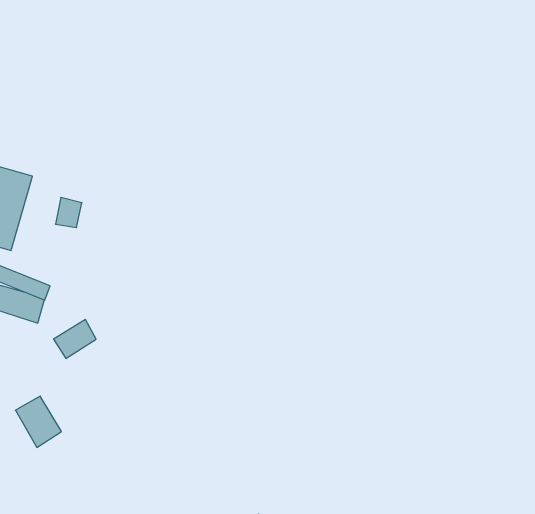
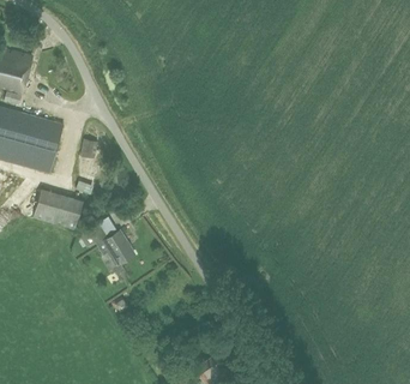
building: [15,396,61,447] -> [104,230,135,265]

